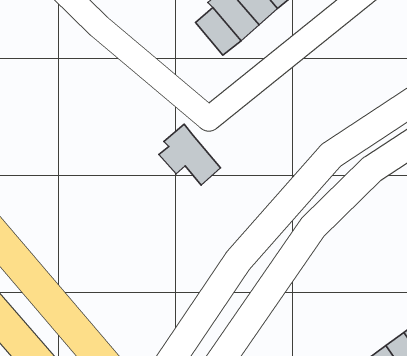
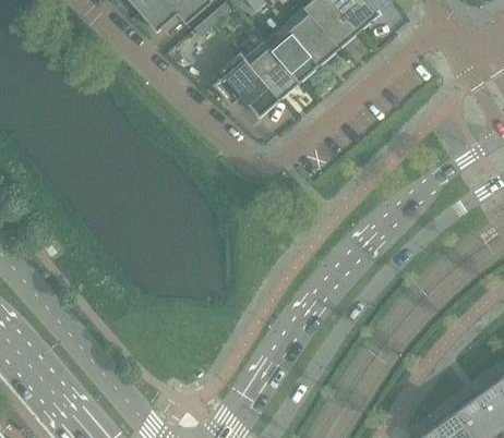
building: [159,124,221,185] -> [213,51,279,117]

